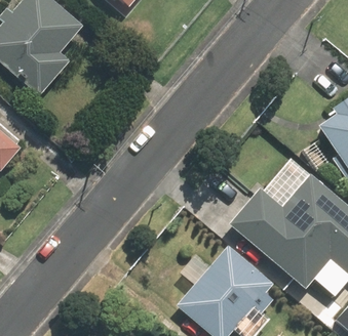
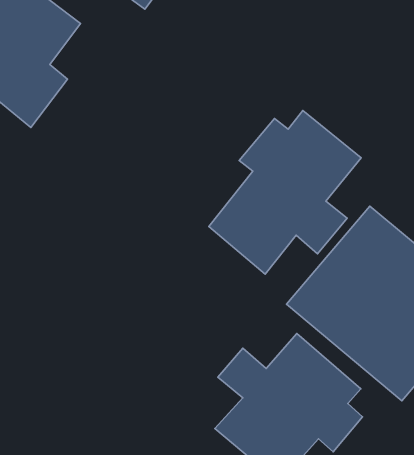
building: none -> [209,110,361,274]

